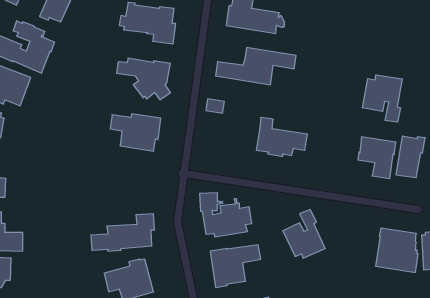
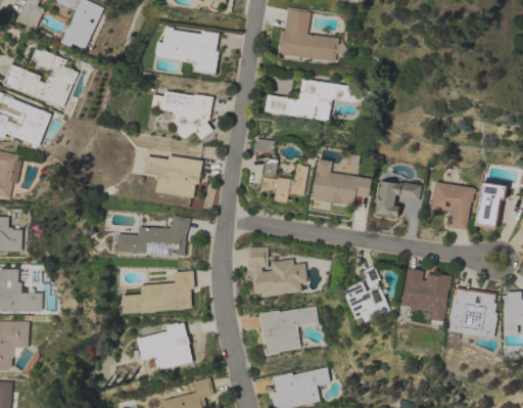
building: [362,75,402,122] -> none
building: none -> [260,160,307,202]
building: none -> [375,181,420,218]
building: none -> [115,215,189,256]
building: none -> [401,269,450,327]

